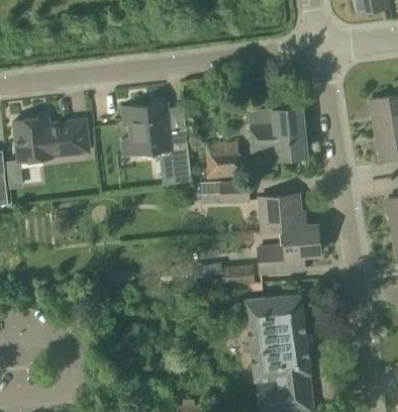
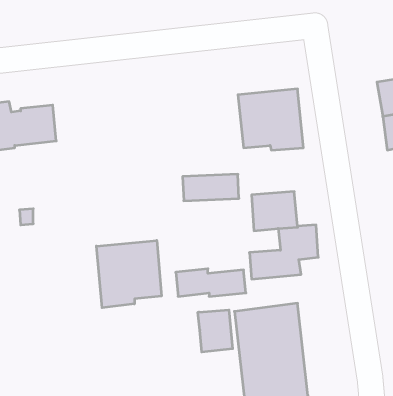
building: [121,103,192,186] -> none
building: [204,141,240,179] -> none
building: none -> [96,240,161,308]
building: none -> [198,310,233,352]

